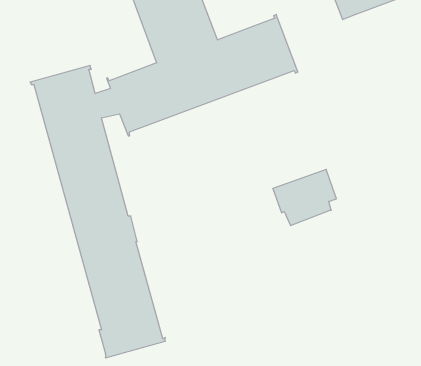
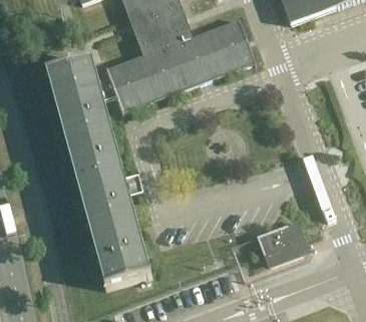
building: [273,169,336,226] -> [255,221,305,265]

